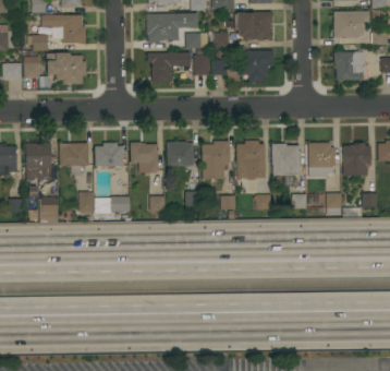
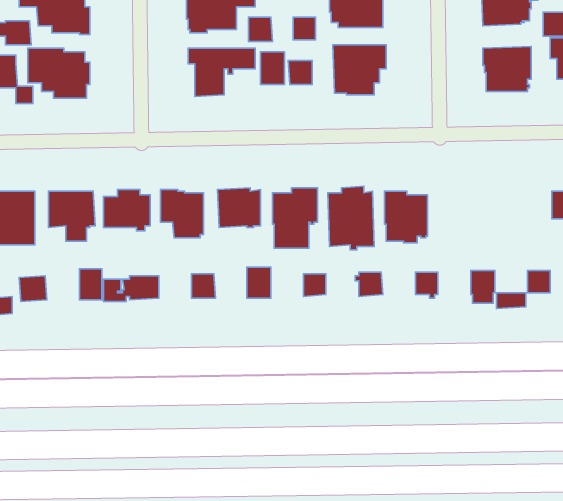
building: [308,143,336,177] -> none
building: [343,143,371,178] -> none

